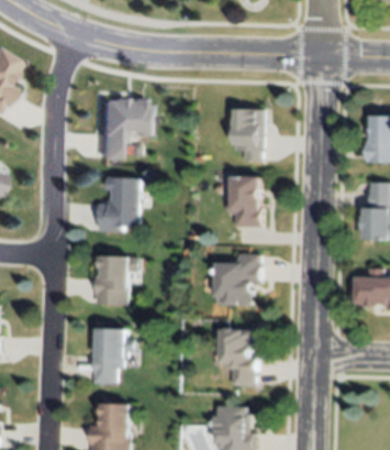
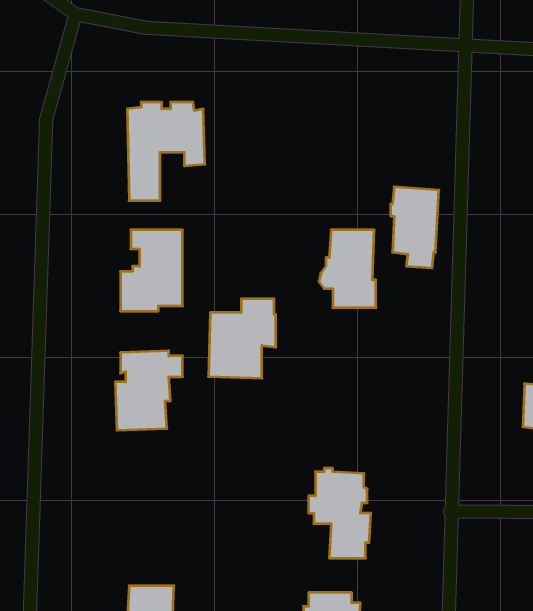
building: [232,108,263,160] -> [391,187,439,268]
building: [216,255,259,306] -> [208,299,276,378]
building: [93,325,135,383] -> none

